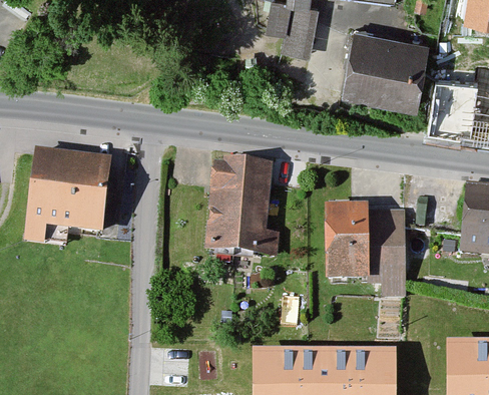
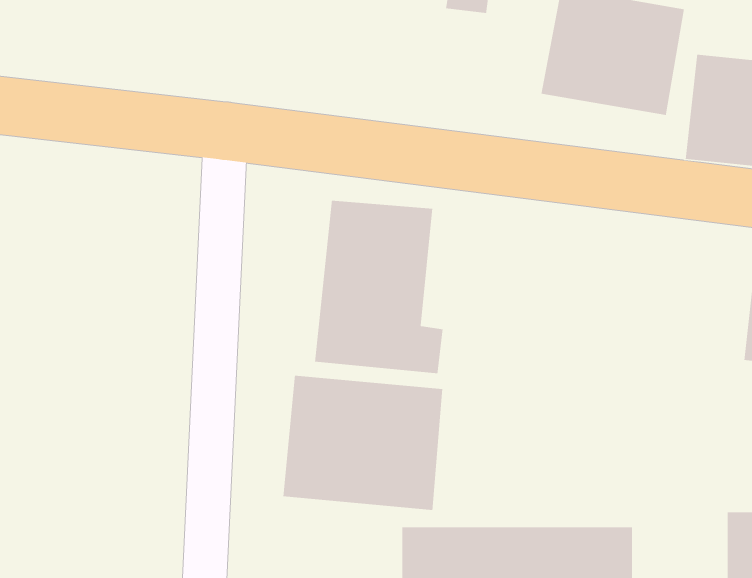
building: [26,146,112,236] -> none
building: [324,207,407,284] -> none
building: none -> [283,375,443,511]

